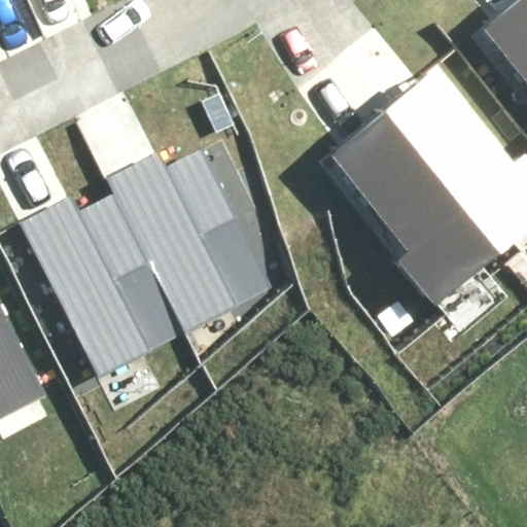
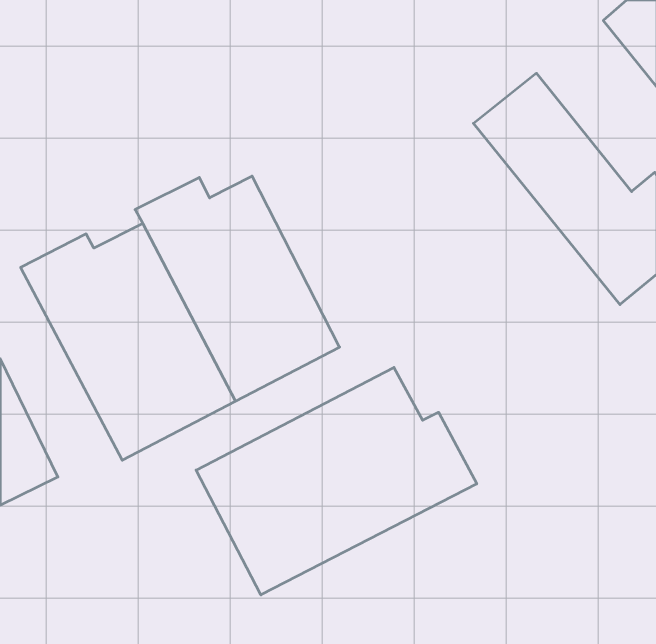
building: [328,109,497,307] -> none
building: none -> [196,367,477,595]

